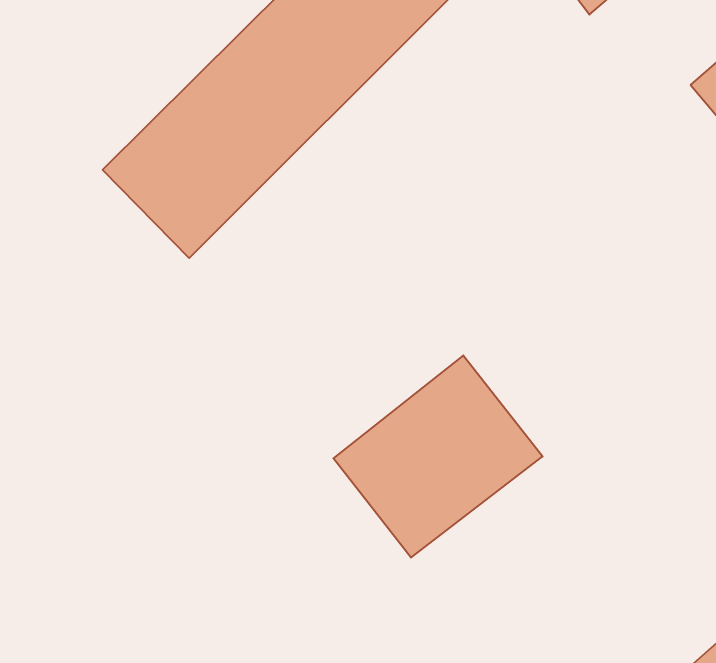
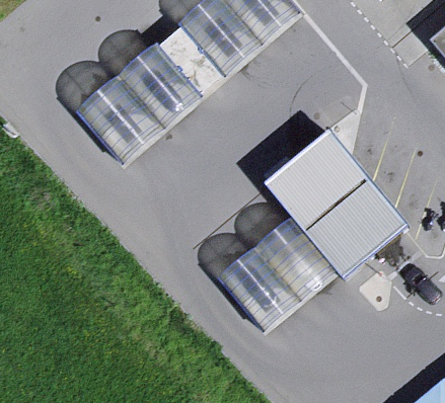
building: none -> [267,123,410,270]

